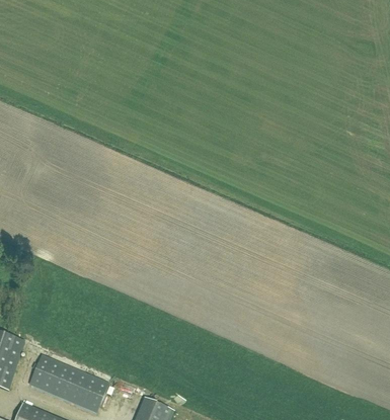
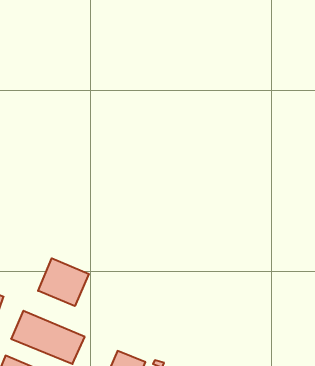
building: none -> [38,258,89,306]

